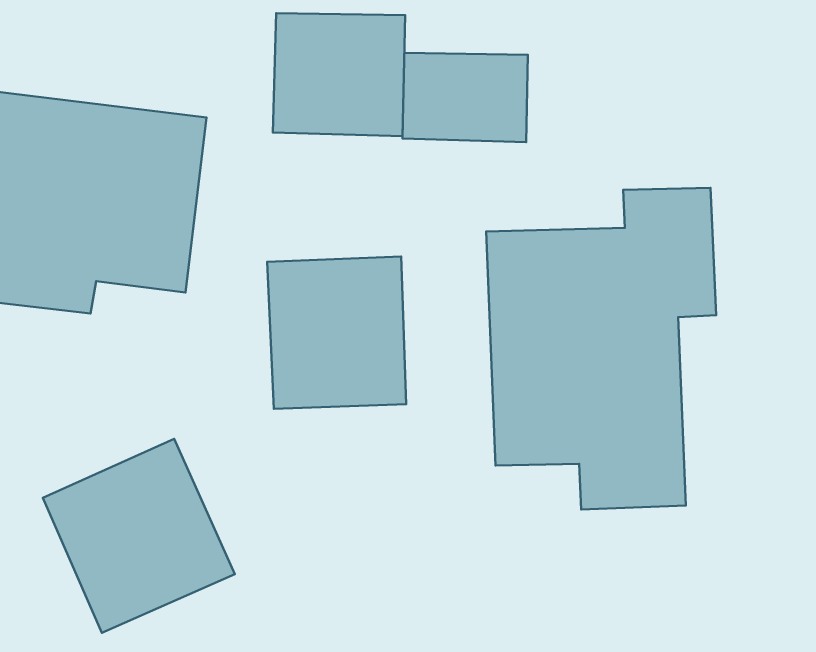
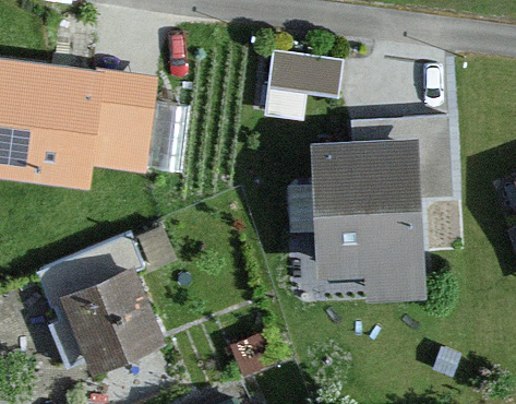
building: [273,13,405,136] -> none
building: [267,256,406,409] -> none

